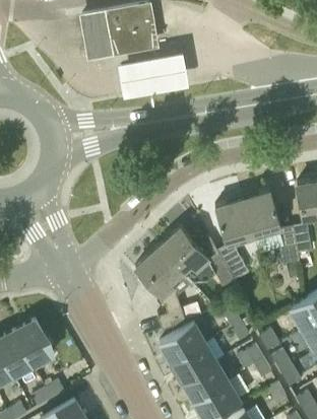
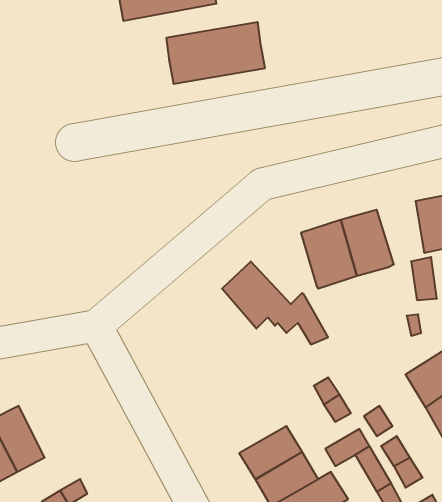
building: [277,227,299,265] -> none
building: [217,245,249,281] -> none
building: [136,247,192,331] -> none
building: [15,319,56,366] -> none
building: [161,324,205,363] -> none

